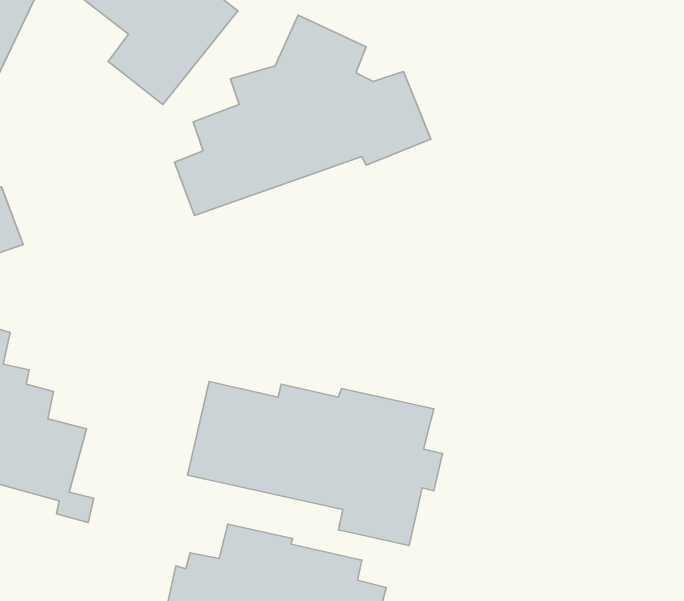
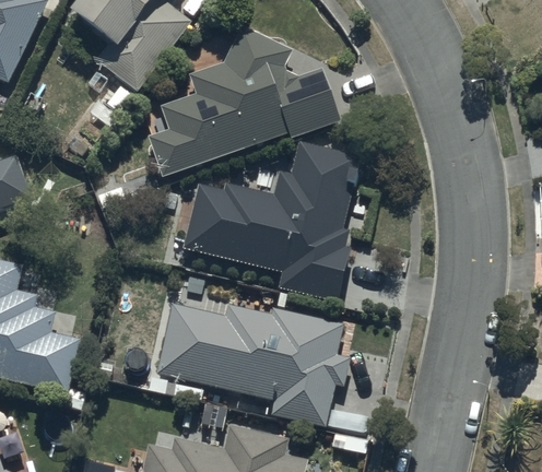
building: none -> [182,141,358,302]

